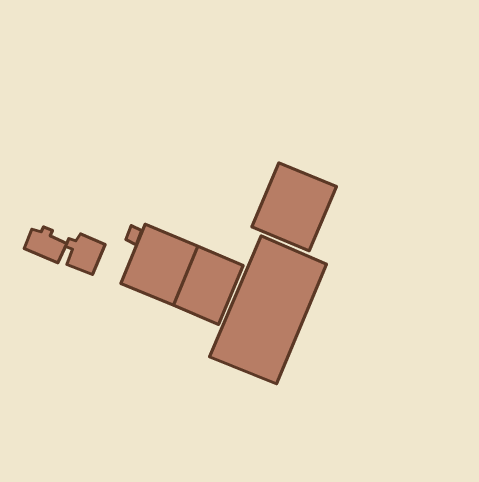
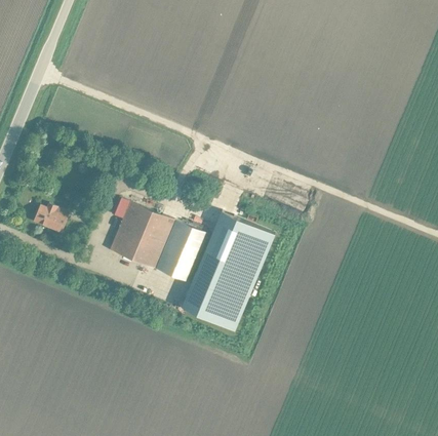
building: [252,163,337,251] -> none
building: [65,234,105,275] -> none

